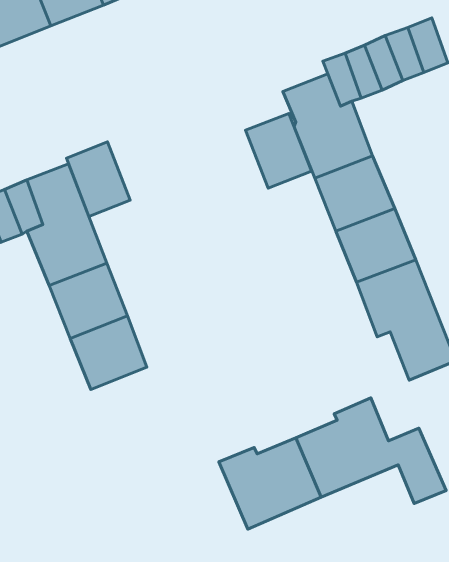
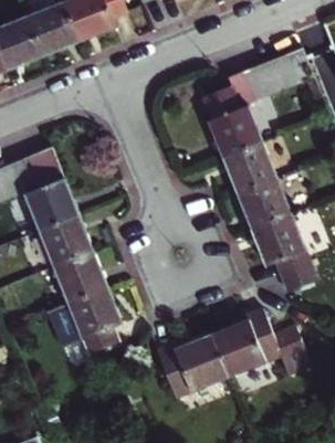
building: [245,113,312,188] -> none
building: [66,142,130,217] -> none
building: none -> [46,289,123,357]

